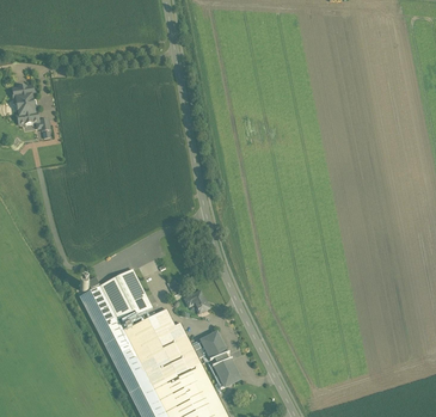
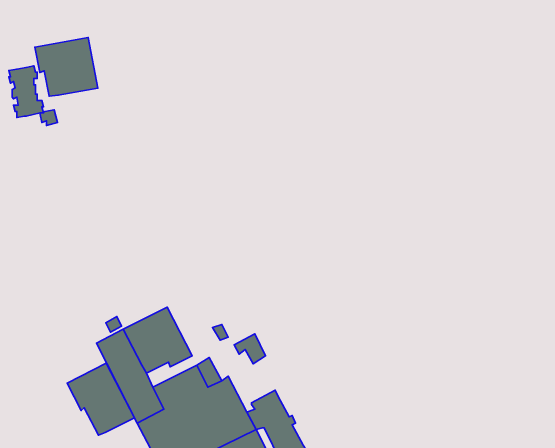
building: none -> [35,37,98,96]
building: none -> [67,363,134,435]

